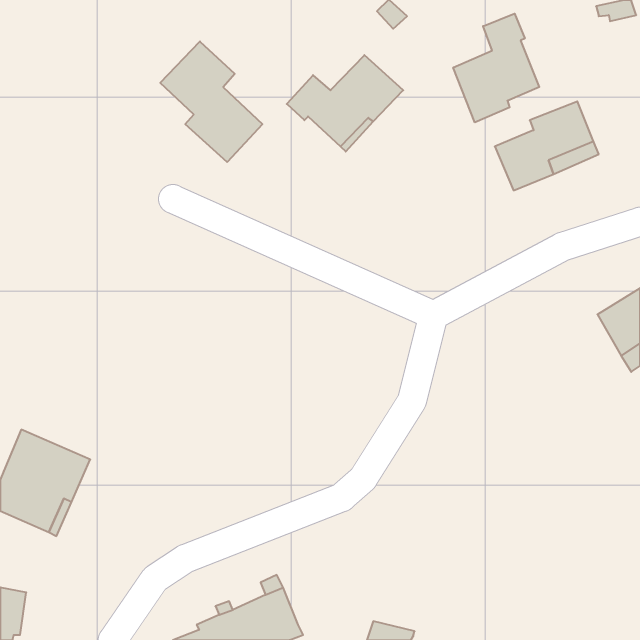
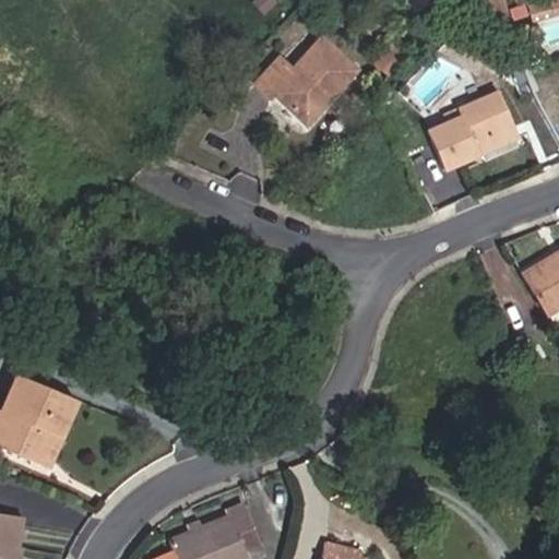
building: [453,14,539,122] -> none
building: [160,41,262,162] -> none

